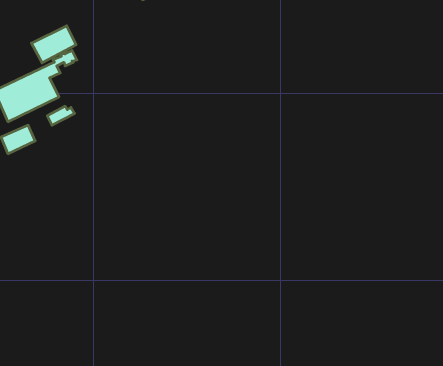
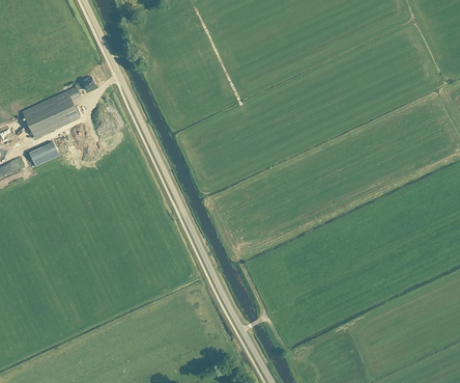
building: [31,26,76,63] -> none

